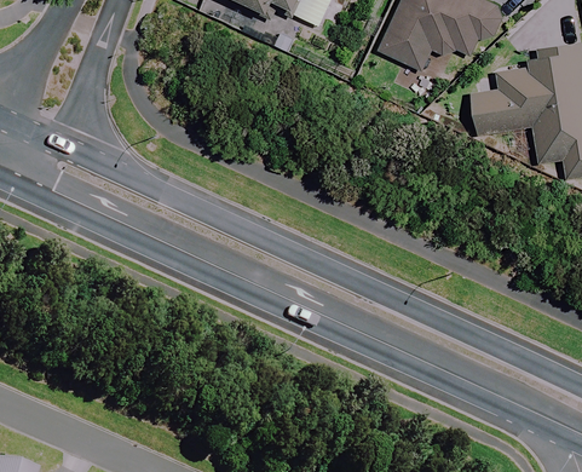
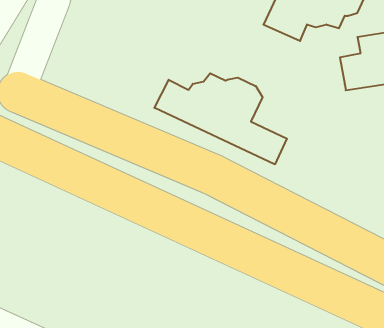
building: none -> [154,73,287,164]

